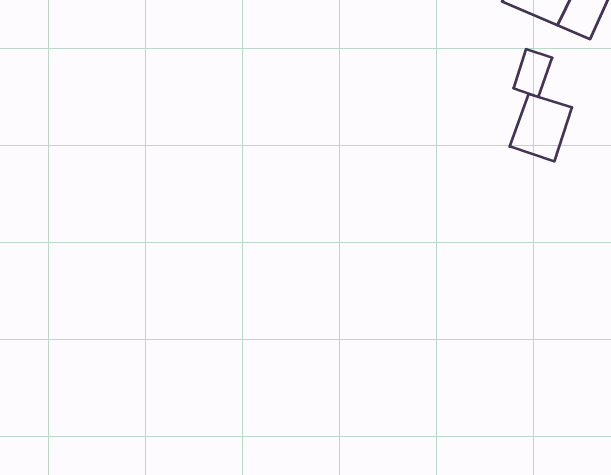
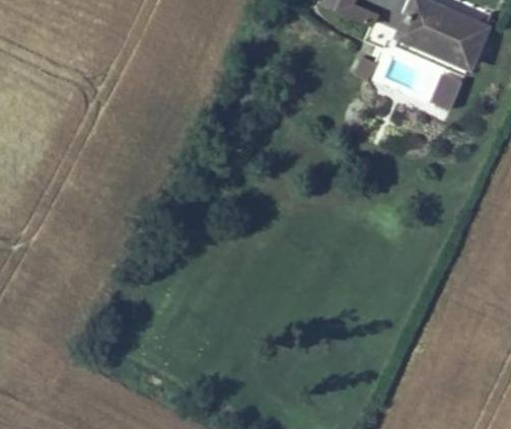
building: [510,94,572,161] -> none

